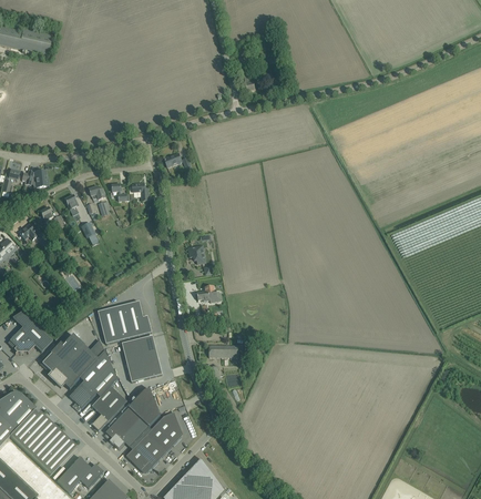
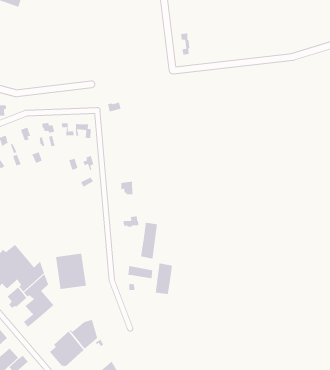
building: none -> [140,222,158,260]
building: [99,301,152,343] -> none
building: none -> [155,262,173,295]
building: [106,388,161,447] -> none

